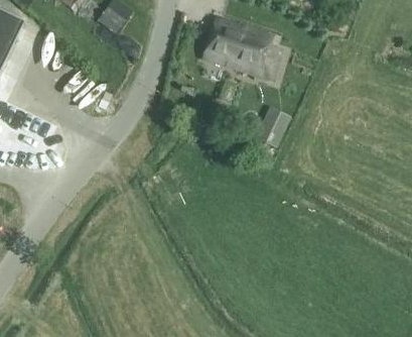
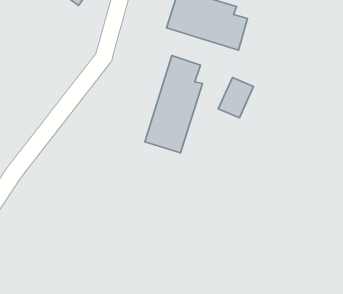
building: none -> [145,55,203,153]

